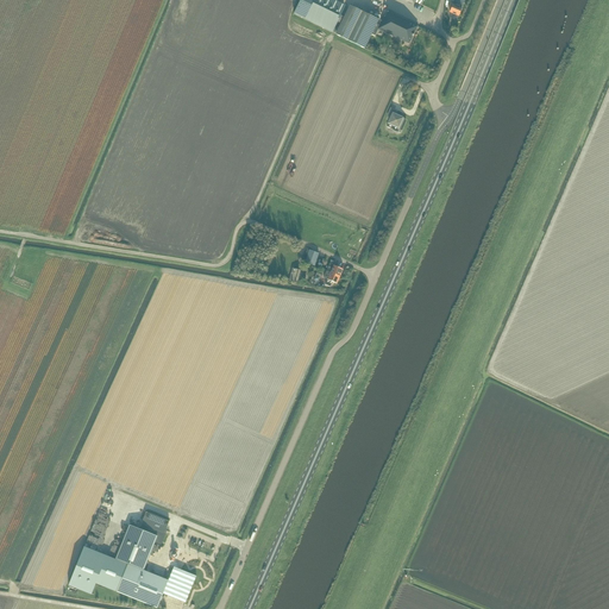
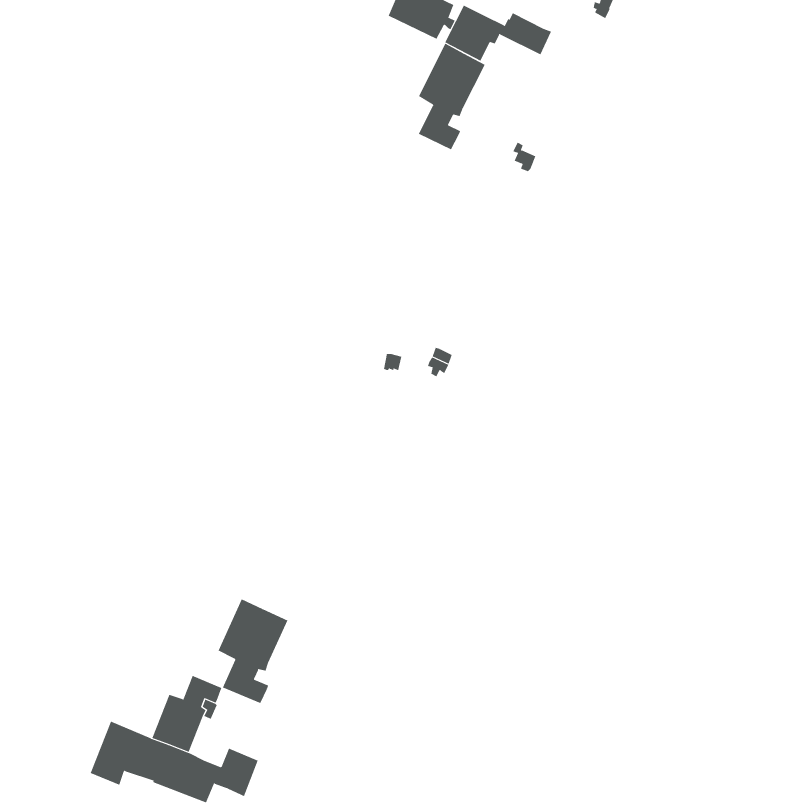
building: none -> [418,43,485,150]
building: none -> [218,598,288,704]

